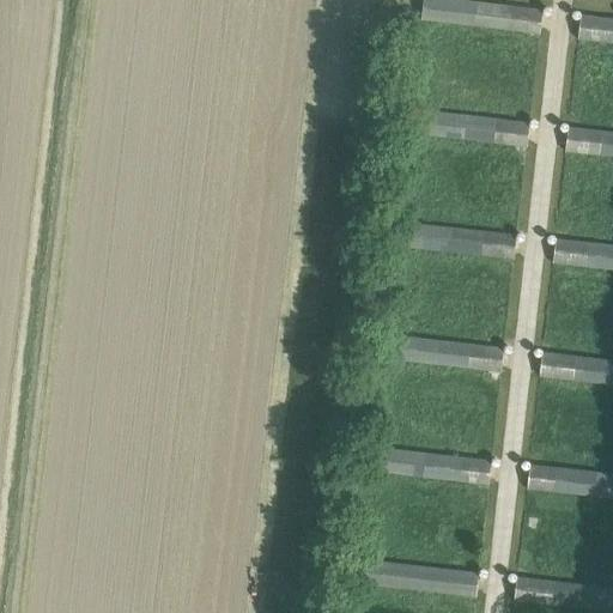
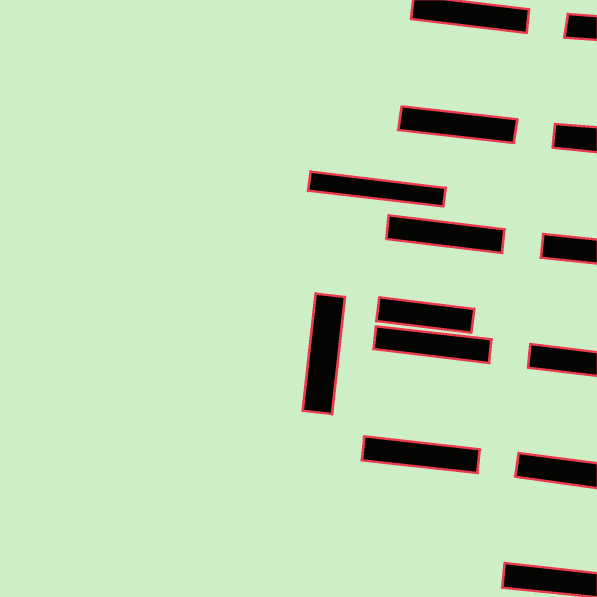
building: none -> [308,171,446,206]
building: none -> [303,293,345,414]
building: none -> [376,297,474,333]
building: [358,557,479,596] -> none

